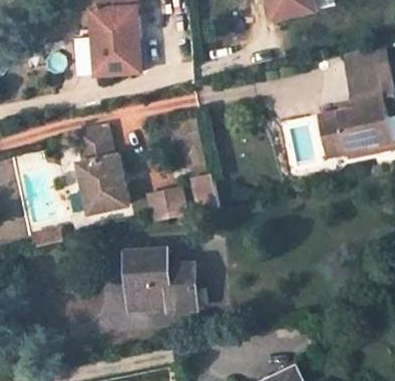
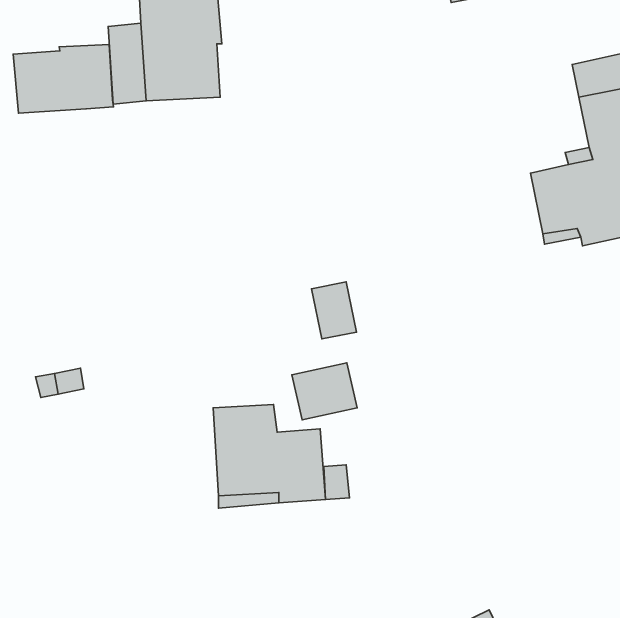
building: none -> [13,44,113,113]
building: [76,127,127,214] -> none
building: [147,187,185,221] -> [292,363,357,420]

